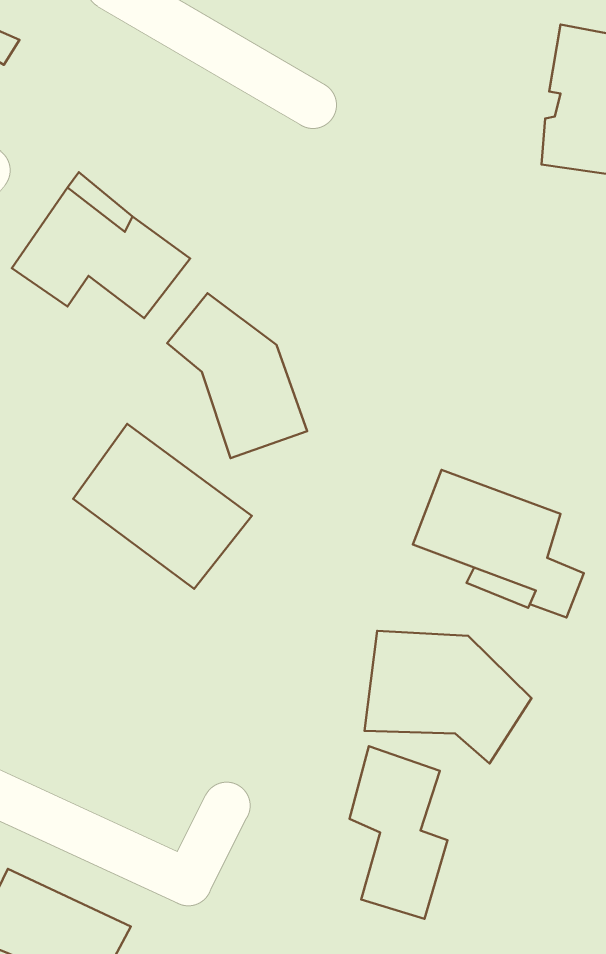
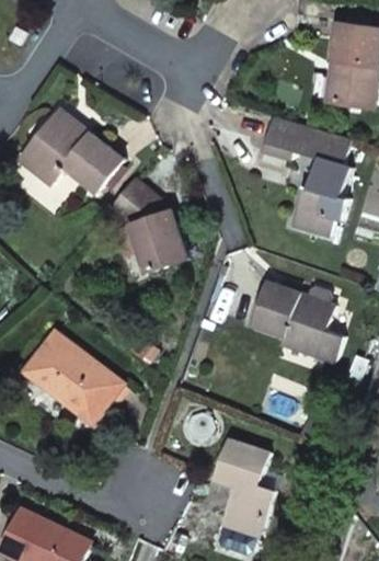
building: none -> [261,118,352,240]
building: [73,424,252,589] -> [22,327,124,421]
building: [365,631,532,764] -> none

